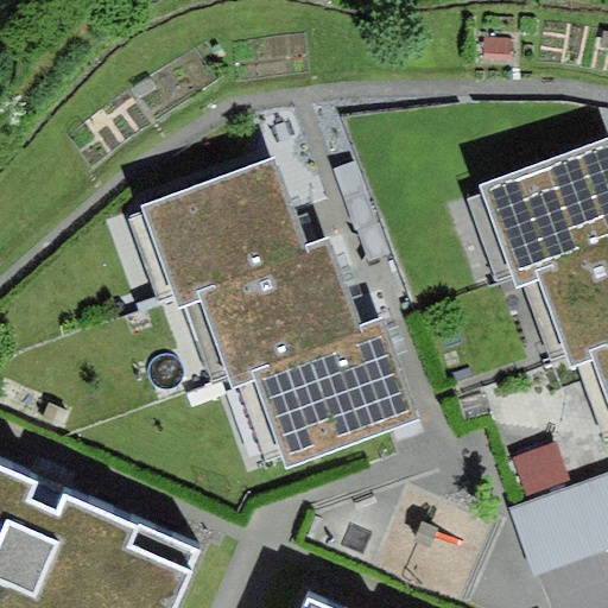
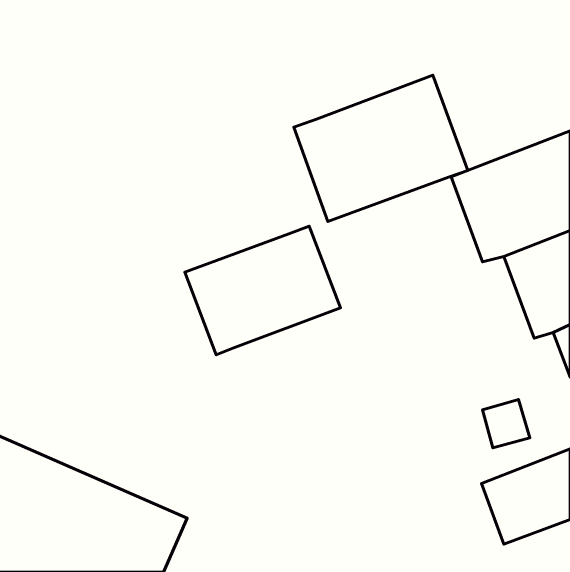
building: none -> [294,75,468,222]
building: [140,157,306,297] -> none
building: [247,319,417,469] -> none

